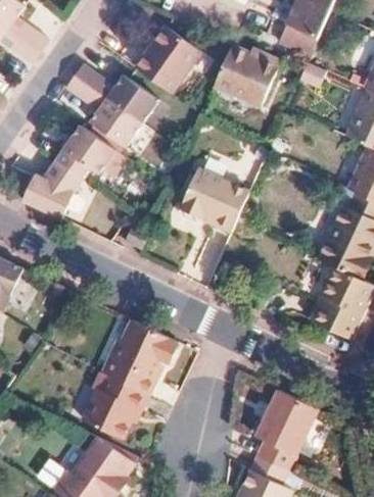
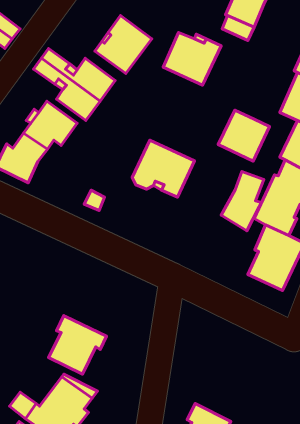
building: none -> [218,110,270,161]
building: none -> [221,172,264,231]
building: [101,321,178,394] -> none
building: [253,391,317,471] -> none

